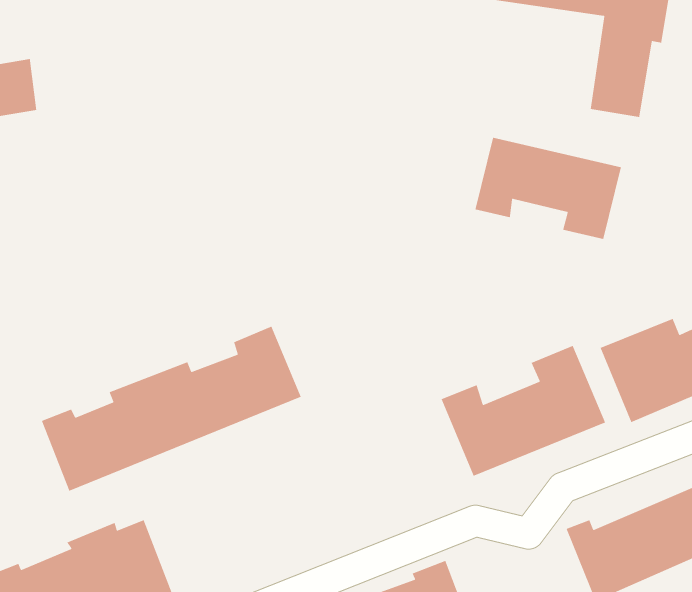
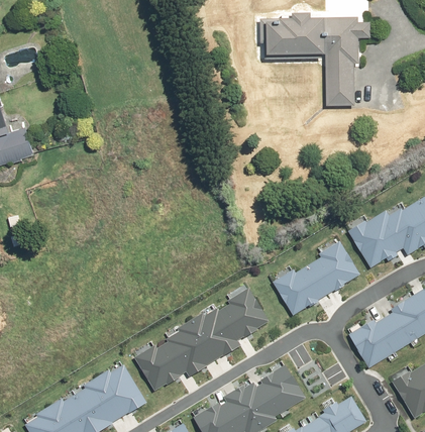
building: [475,137,622,240] -> none
building: [41,326,302,492] -> [135,285,272,391]

